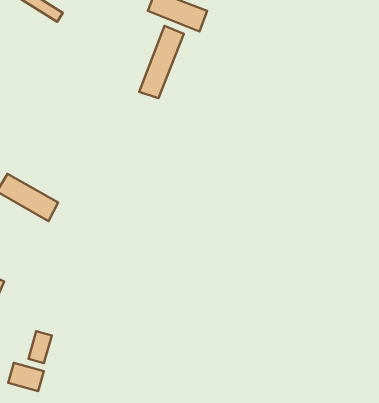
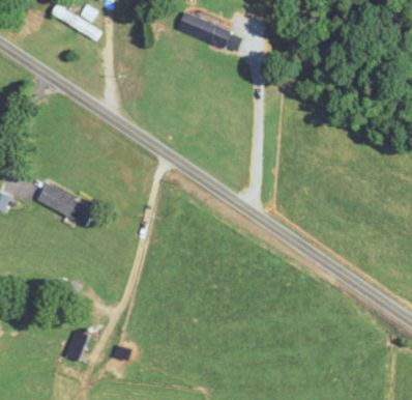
building: [139,26,184,98] -> none
building: [8,363,44,391] -> none

